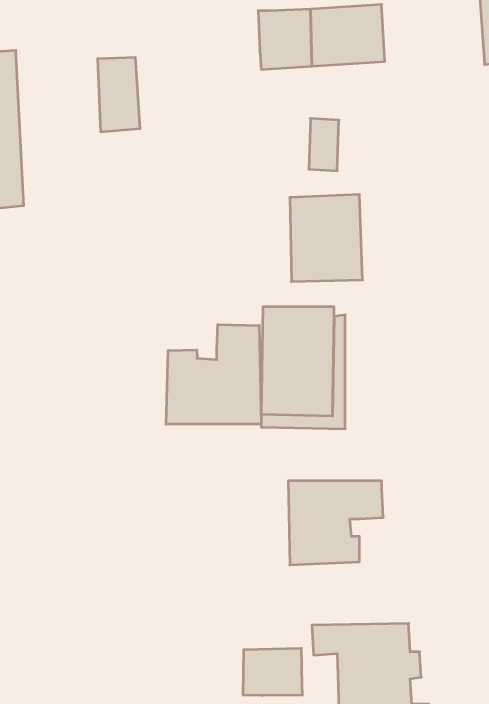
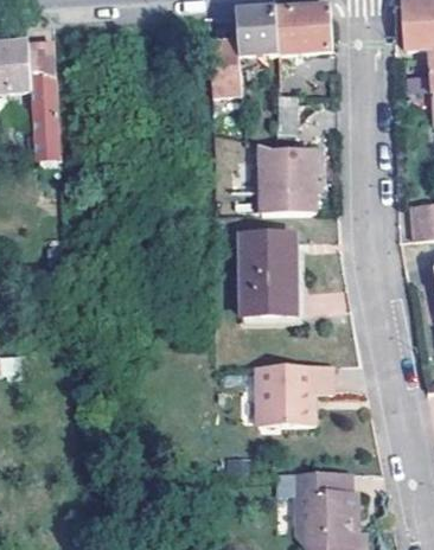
building: [97,57,140,132] -> [209,40,241,96]
building: [166,324,261,424] -> none
building: [243,648,302,696] -> none

